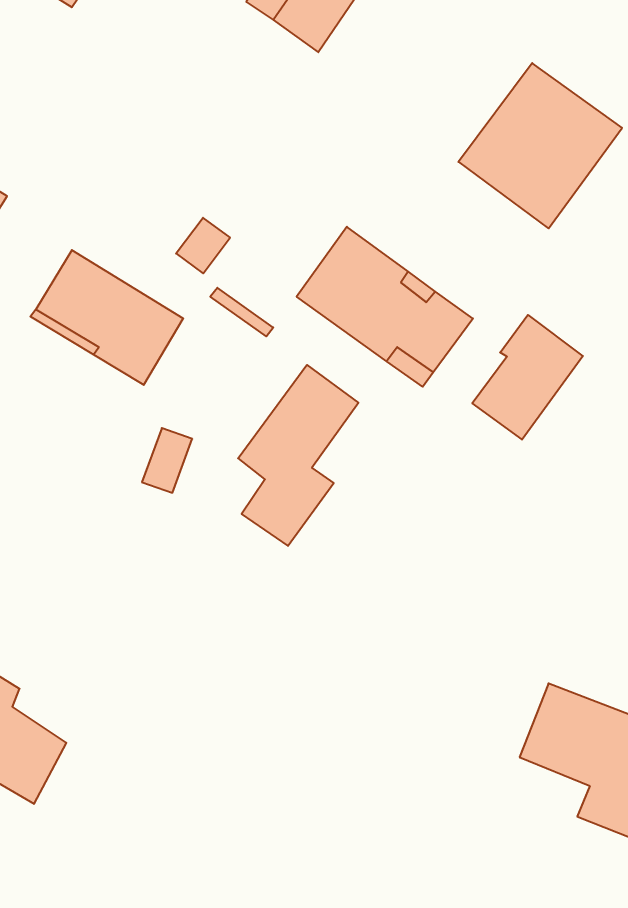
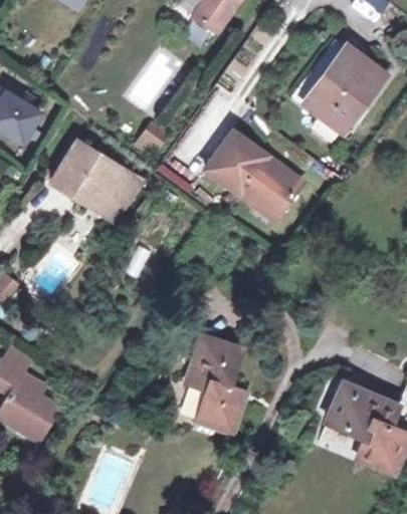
building: [472,315,583,440] -> none
building: [238,365,358,546] -> none
building: none -> [186,337,249,436]

